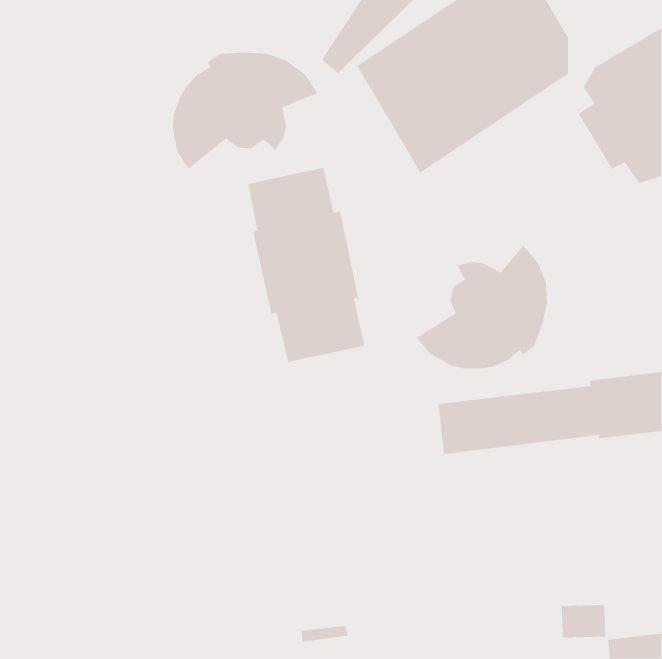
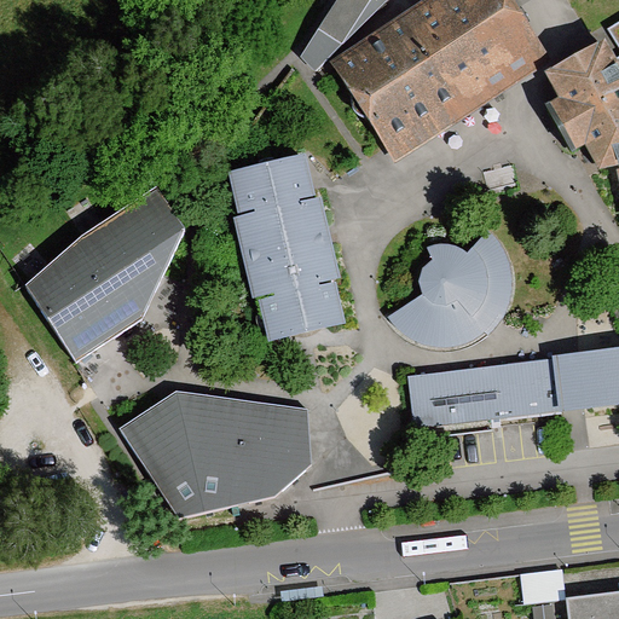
building: [172,52,318,169] -> none
building: none -> [27,187,181,359]
building: none -> [122,392,310,514]

